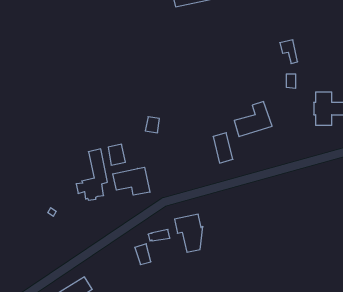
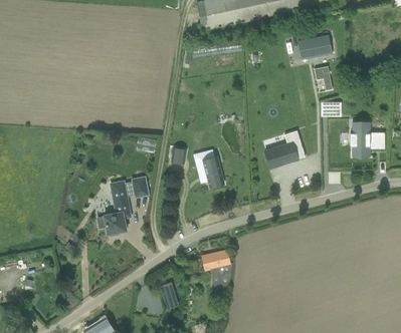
building: none -> [297,34,333,59]
building: [213,133,233,163] -> [203,155,224,188]
building: [113,167,150,195] -> none

